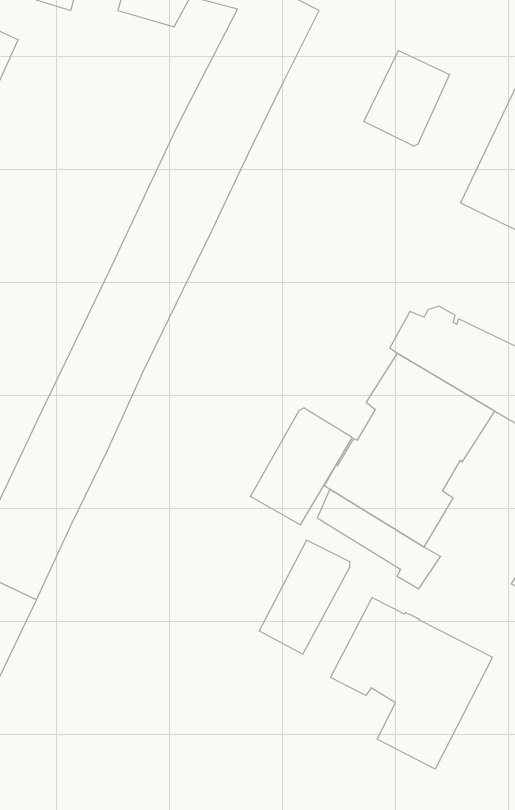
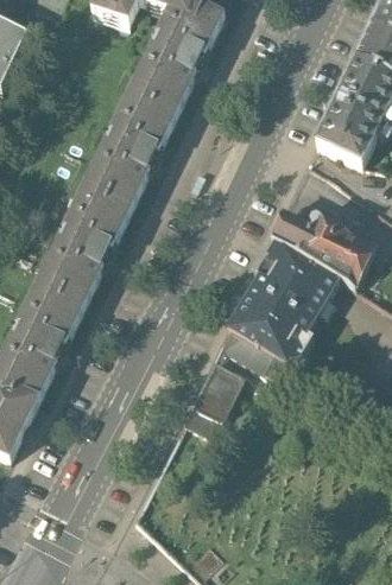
building: [364,51,450,146] -> none
building: [250,408,352,525] -> none
building: [331,597,493,769] -> none

